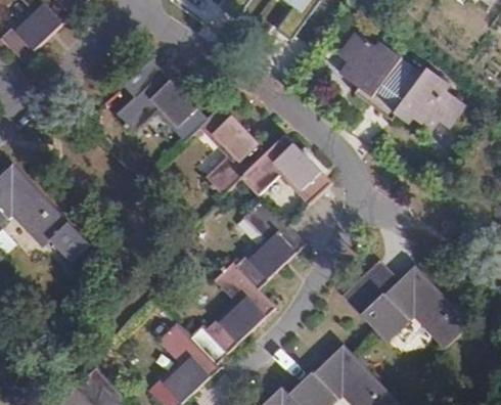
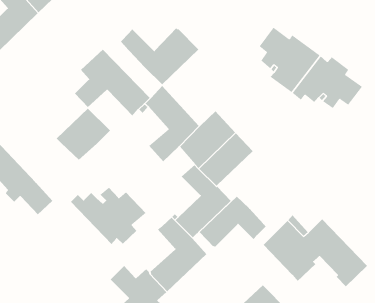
building: none -> [120,28,199,85]
building: none -> [56,108,111,160]
building: none -> [70,187,147,245]
building: none -> [199,196,266,248]

